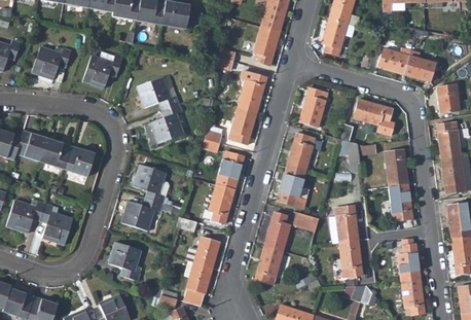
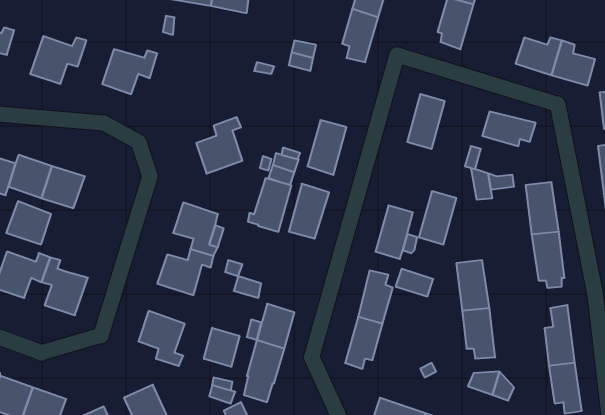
building: [239,72,267,111] -> none
building: [137,77,179,110] -> none
building: [287,134,314,172] -> [419,191,456,245]
building: [63,146,95,177] -> [6,201,51,244]
building: [204,185,234,223] -> [248,178,291,232]
building: none -> [204,328,239,367]

